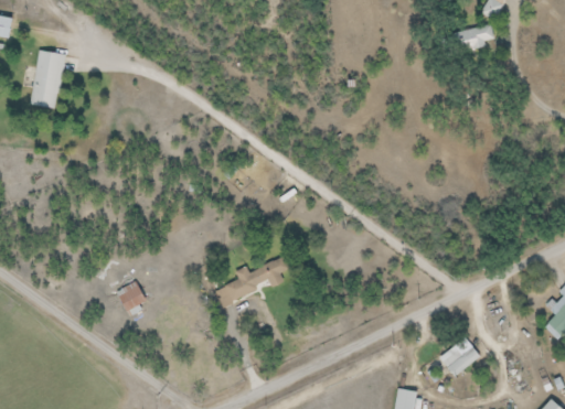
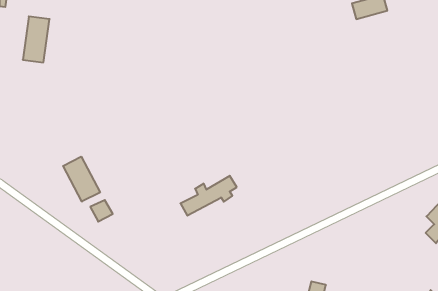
building: none -> [63,157,100,202]
building: [441,342,479,373] -> none

